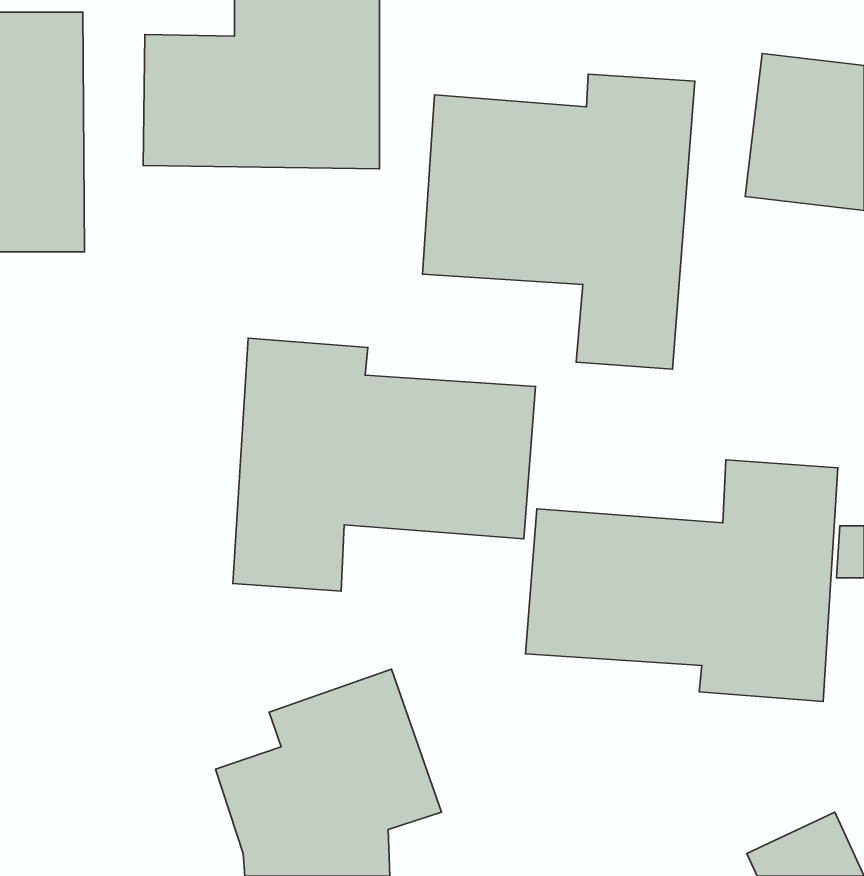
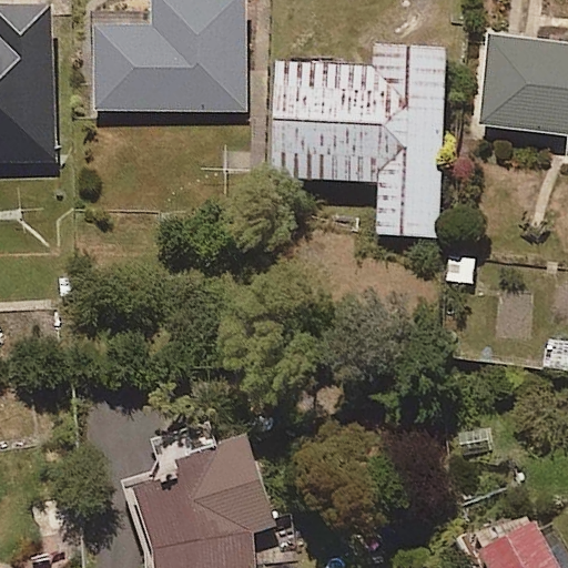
building: [233,338,536,591] -> none
building: [526,460,838,701] -> none

